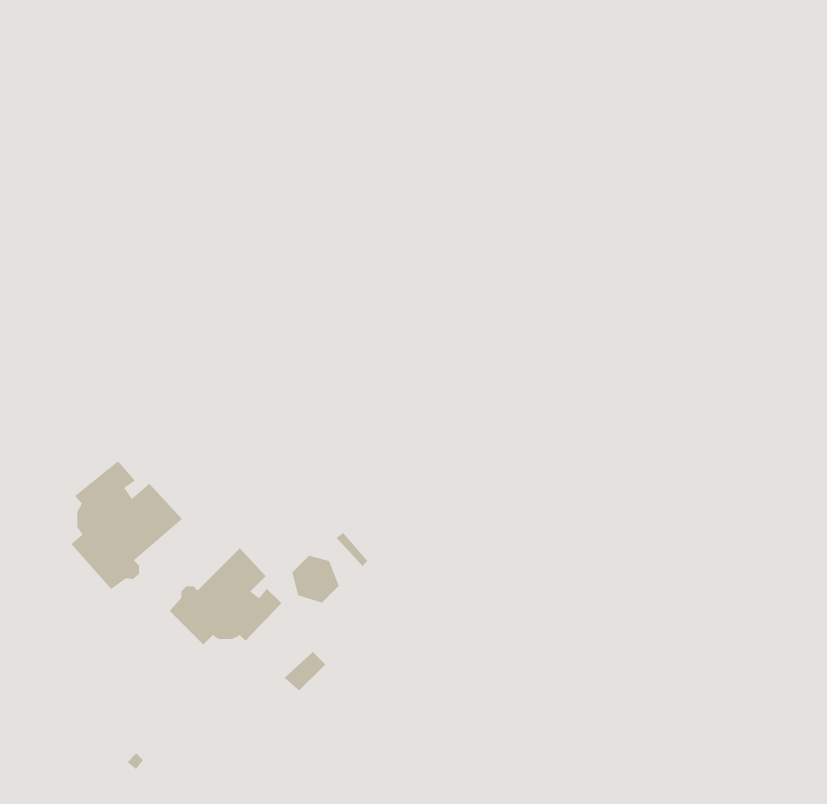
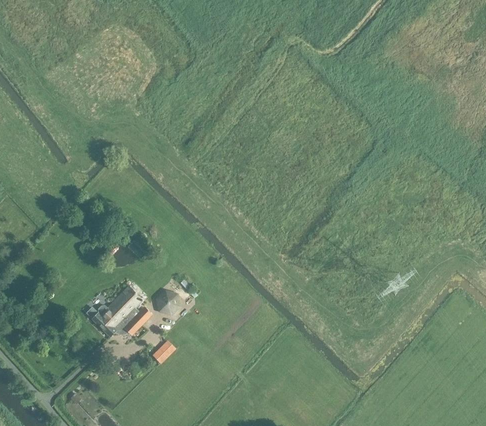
building: [71,460,183,590] -> none

